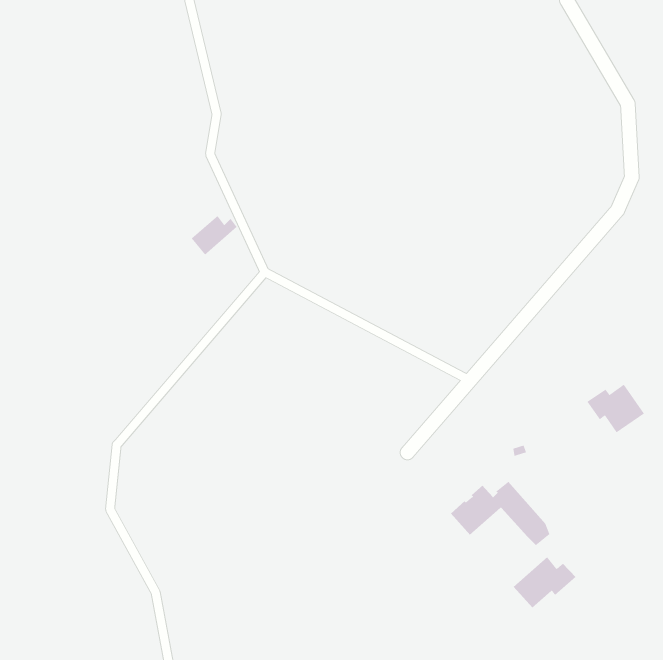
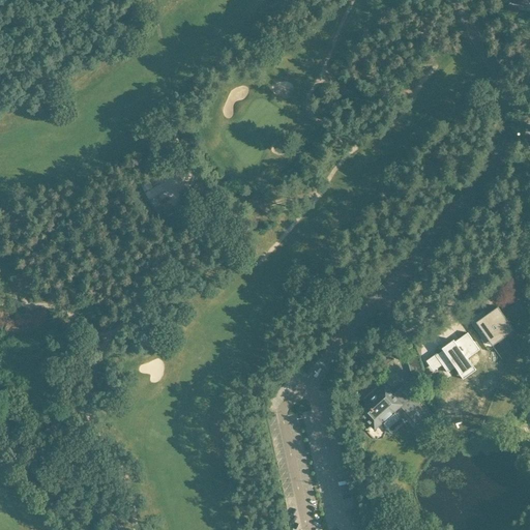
building: none -> [435,334,478,375]
building: [513,557,576,608] -> none

